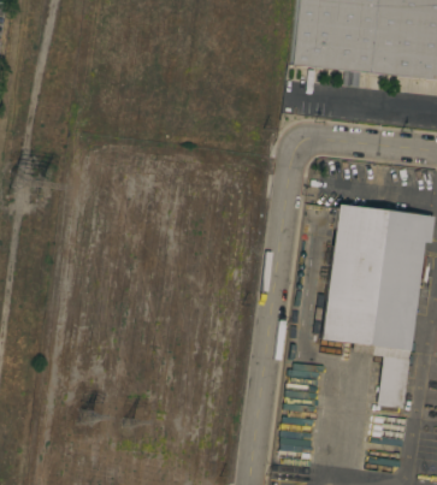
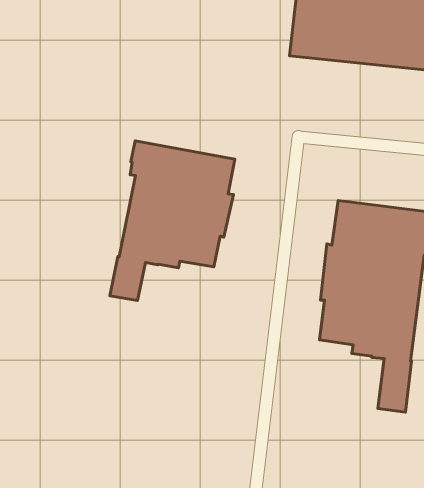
building: none -> [110,141,235,301]

